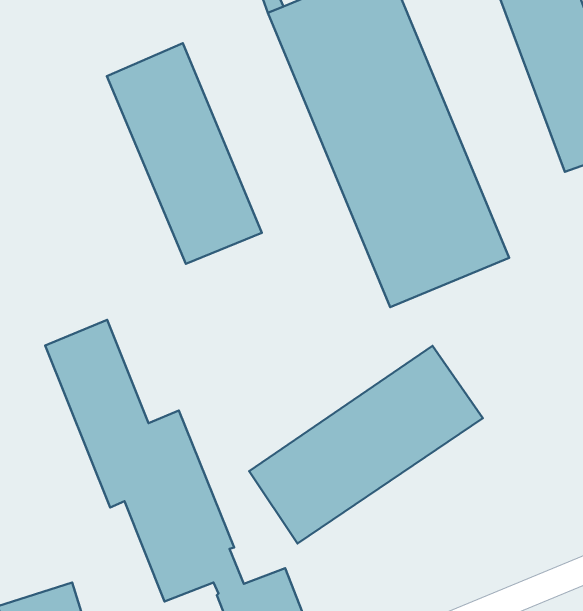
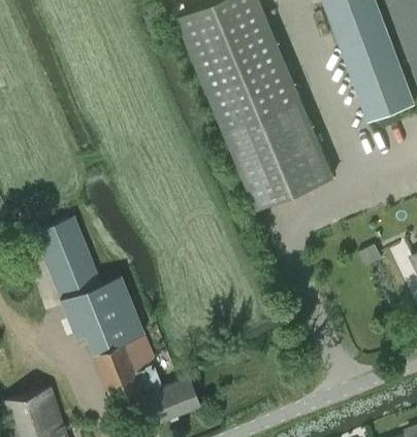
building: [107,43,262,264] -> none
building: [249,346,483,544] -> none

